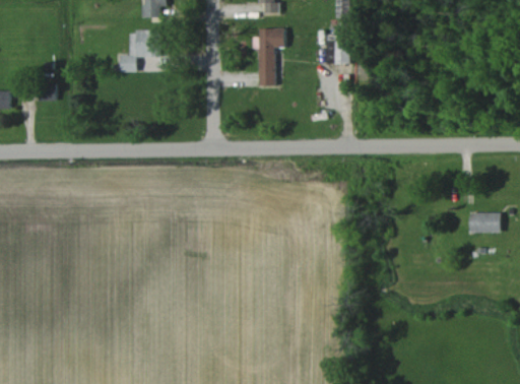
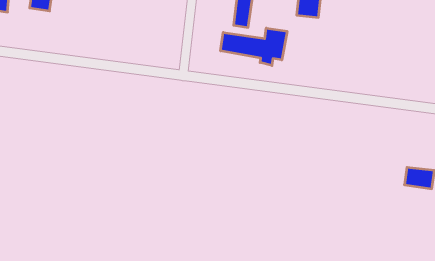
building: none -> [221,28,287,66]

